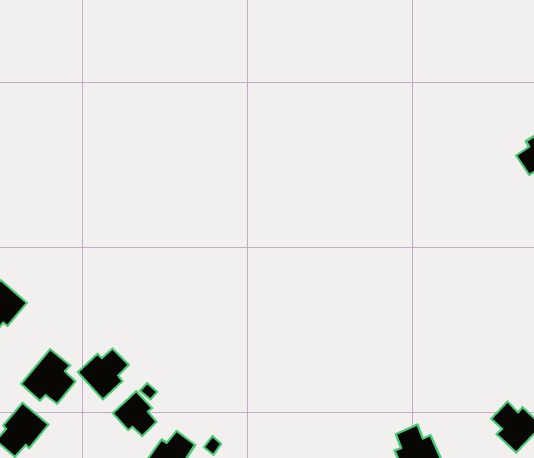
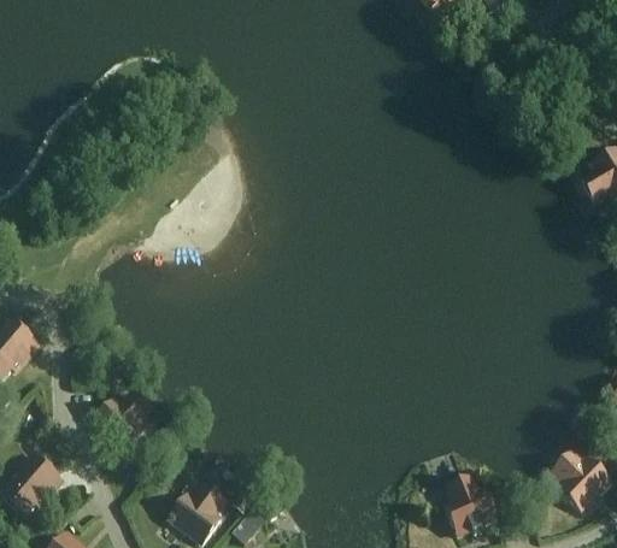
building: [21,349,76,404] -> none
building: [113,391,157,436] -> none

